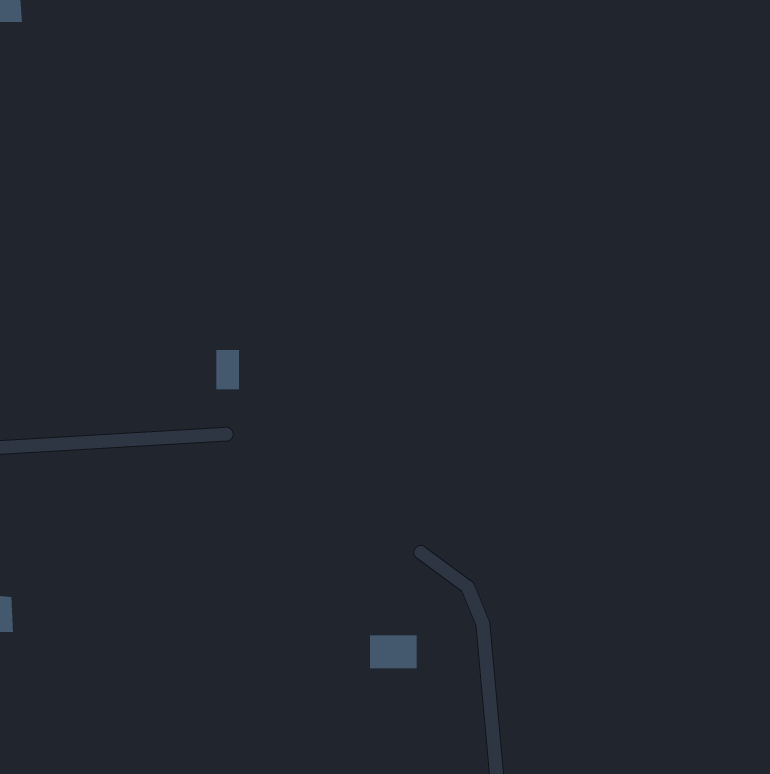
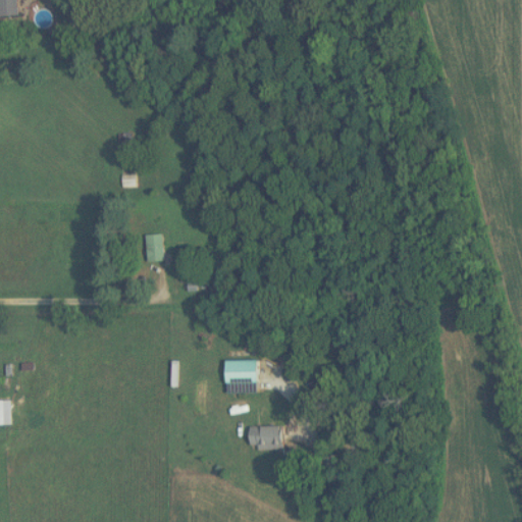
building: none -> [223,361,256,383]

